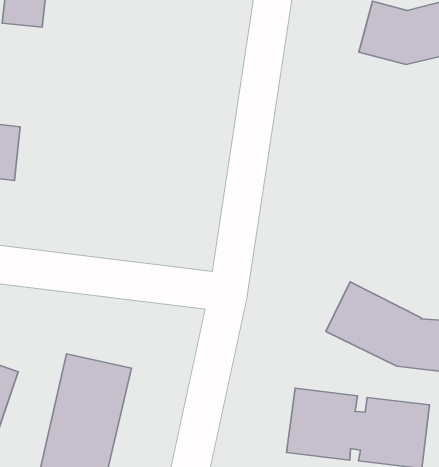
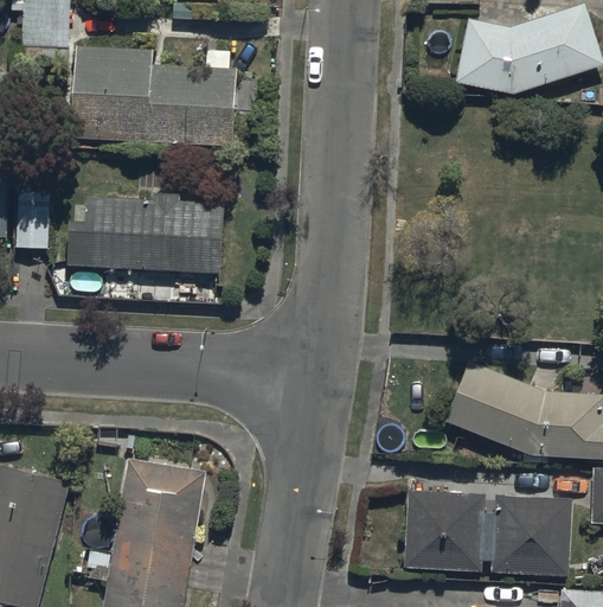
building: none -> [75,56,240,159]
building: none -> [68,206,226,281]

